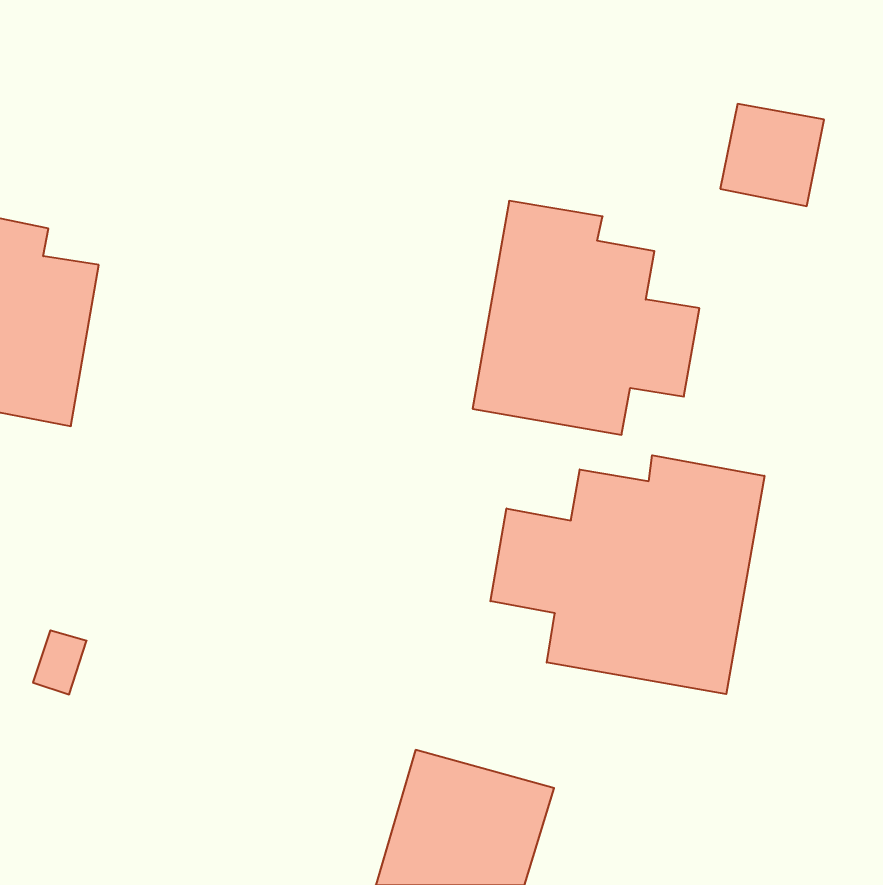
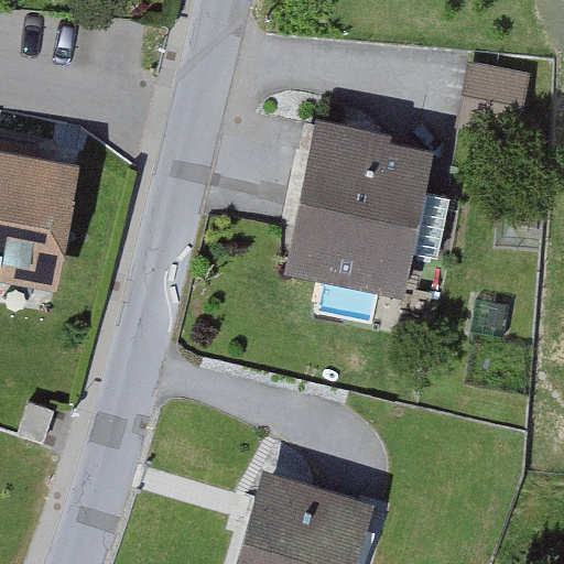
building: [490,455,764,694] -> none

